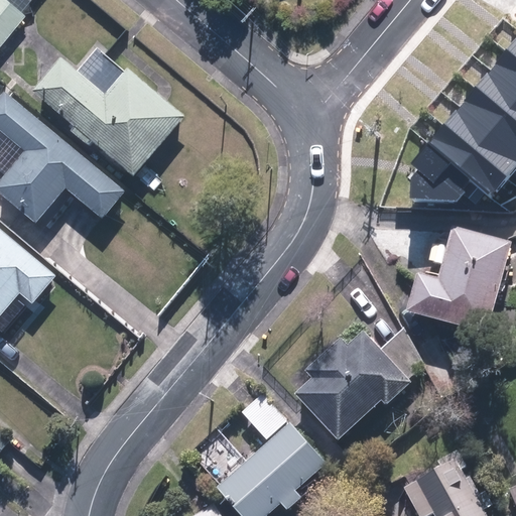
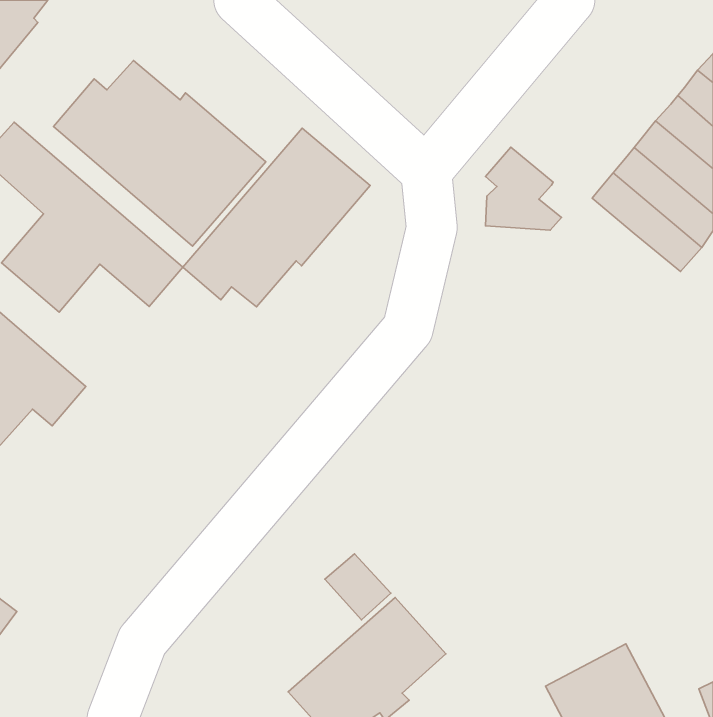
building: none -> [183,128,370,307]
building: [406,143,461,203] -> [486,147,562,230]
building: [395,233,502,343] -> none
building: [284,330,403,448] -> none

